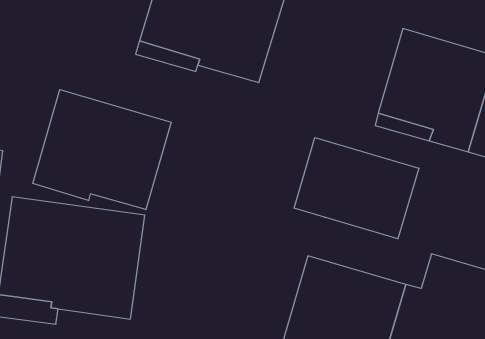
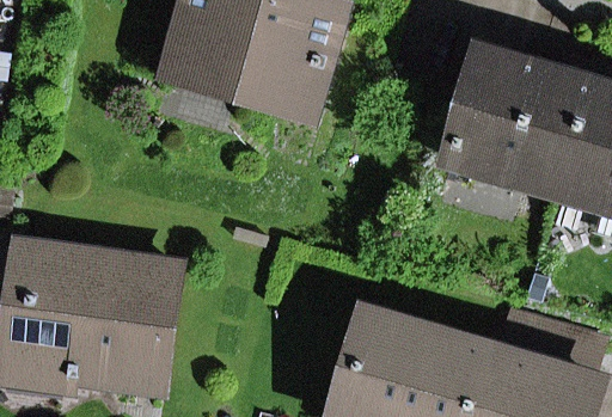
building: [33,90,171,210] -> none
building: [294,138,419,239] -> none

